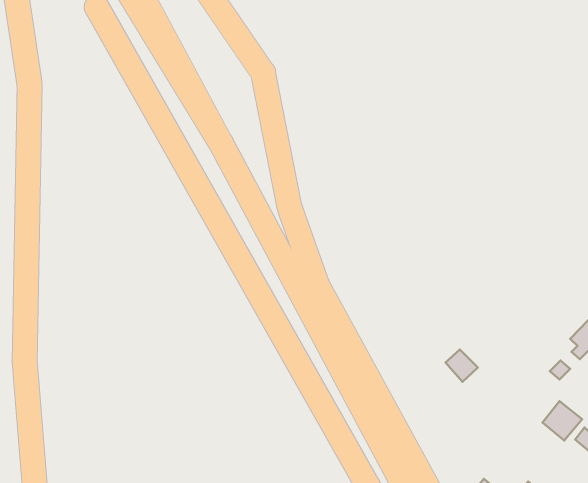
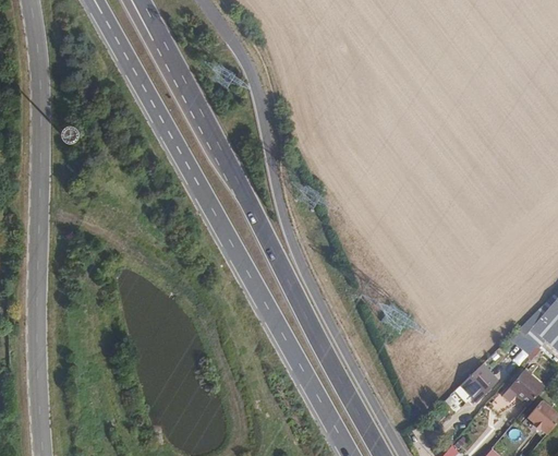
building: [446,349,478,382] -> [463,370,493,399]

